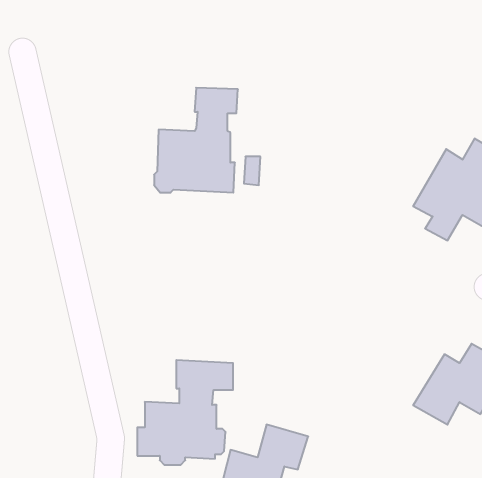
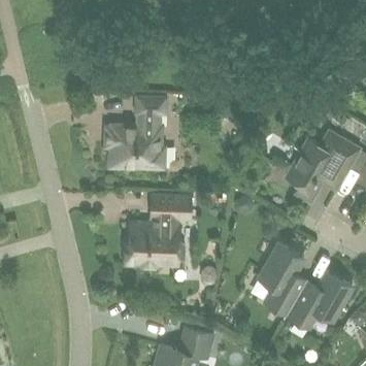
building: none -> [259,243,308,314]
building: [137,360,233,465] -> [125,196,191,268]

